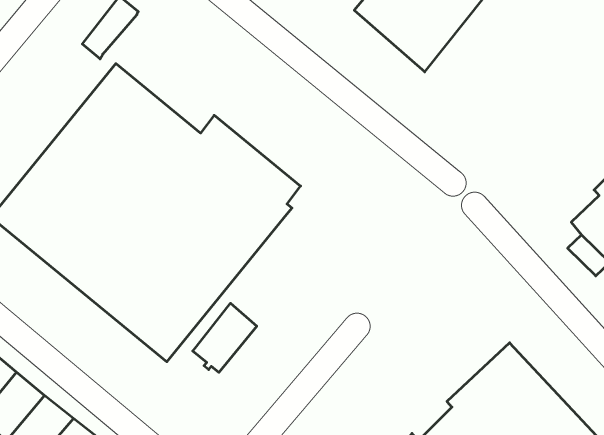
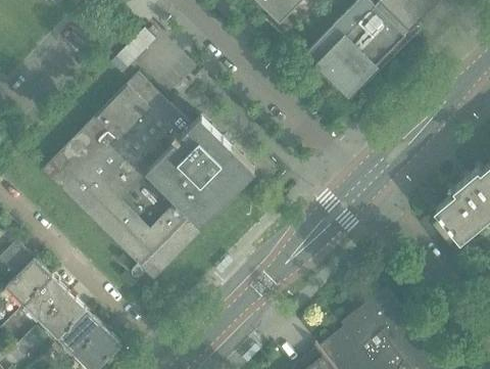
building: [193,303,257,372] -> none

